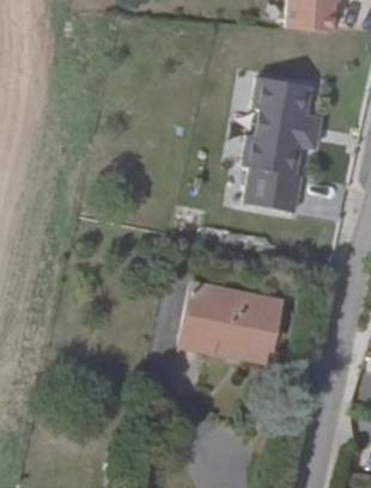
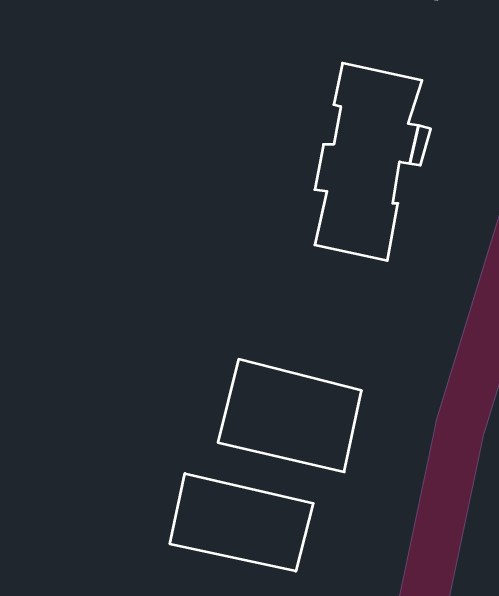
building: none -> [170,473,313,571]

